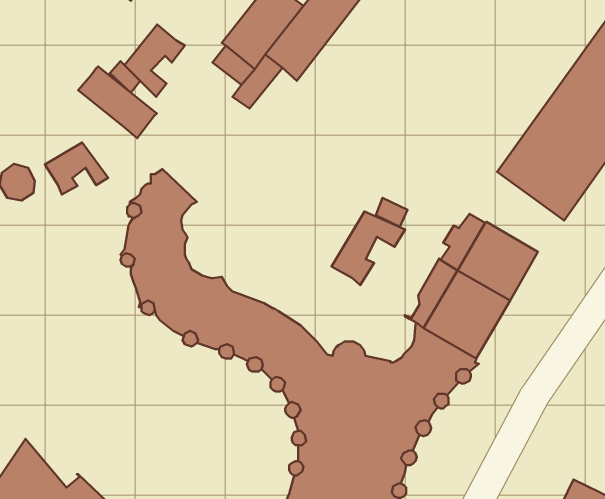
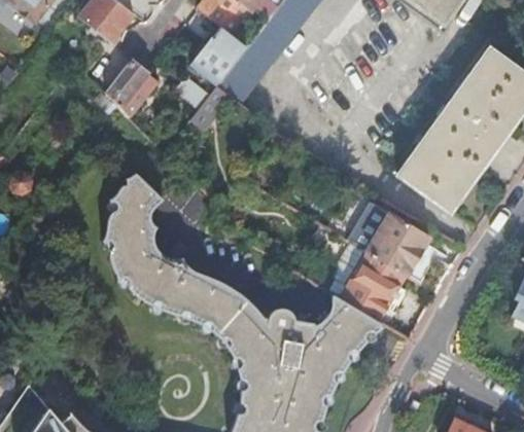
building: [78,66,157,138] -> none
building: [45,142,108,194] -> none
building: [331,212,405,285] -> none

